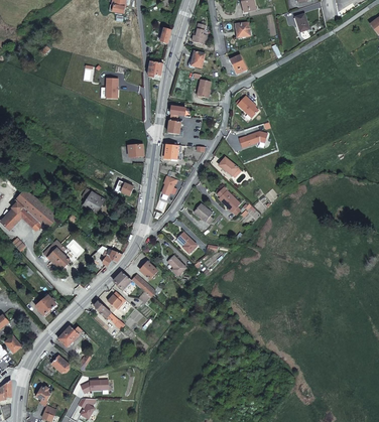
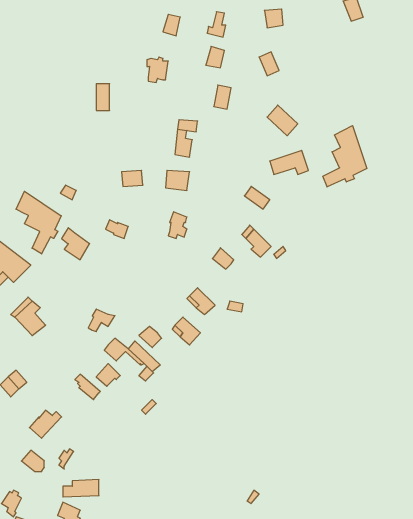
building: none -> [323,126,367,187]
building: none -> [16,191,61,254]

